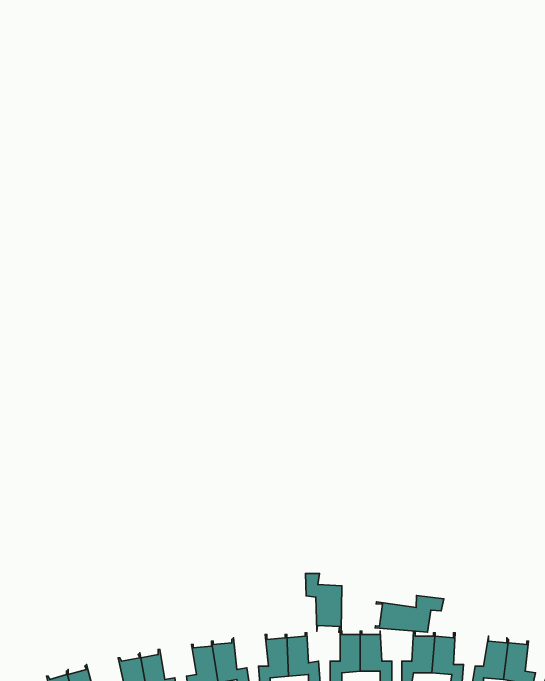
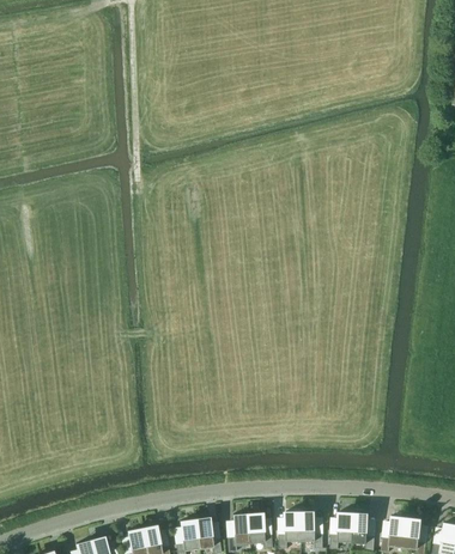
building: [306,573,342,632] -> none
building: [375,596,444,632] -> none

